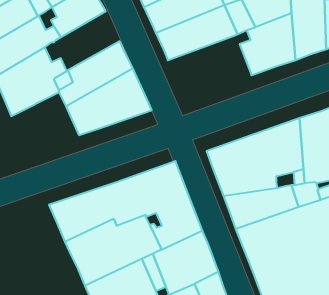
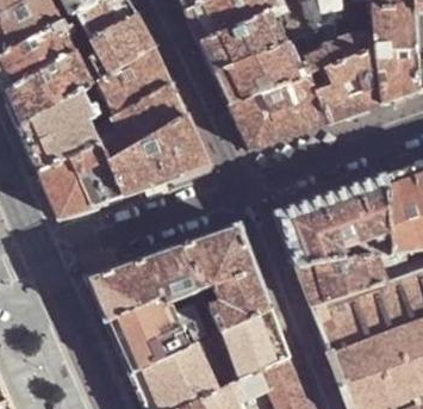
building: none -> [95,48,172,117]
building: none -> [229,76,329,151]
building: none -> [42,144,123,217]

